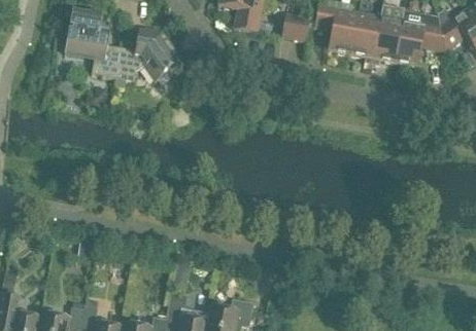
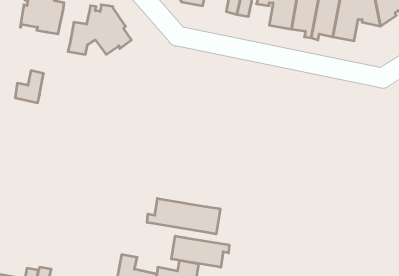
building: [92,44,122,78] -> [15,71,44,103]
building: none -> [147,198,220,234]
building: none -> [171,236,229,267]

